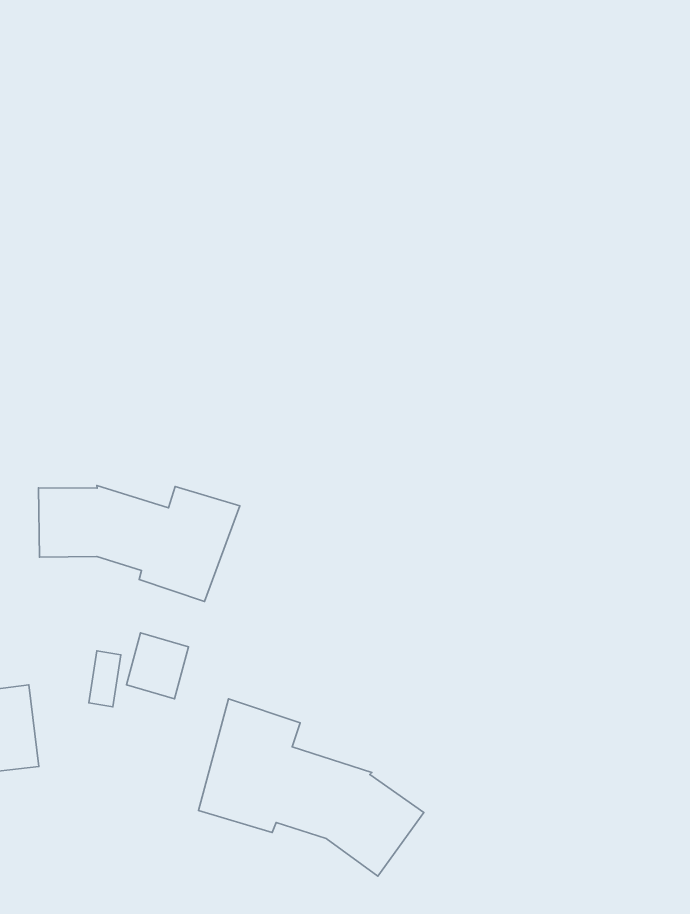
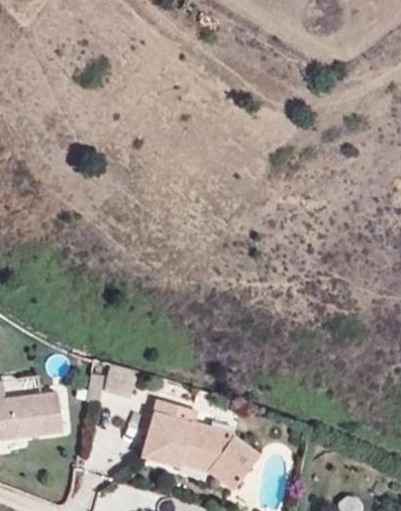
building: [38,486,240,602] -> none

